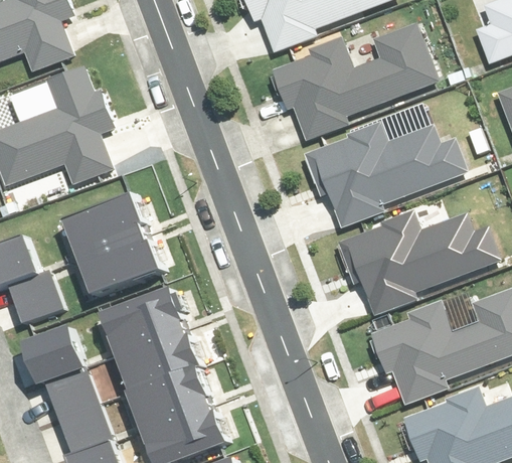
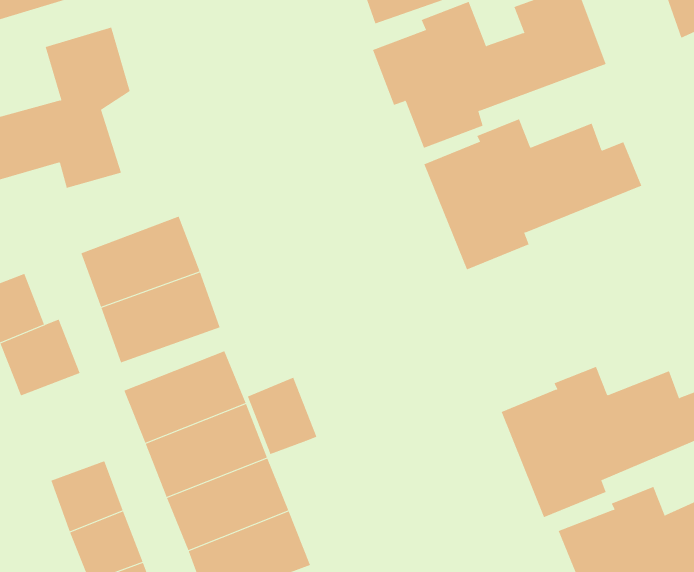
building: [337,207,490,311] -> none
building: none -> [247,377,317,455]
building: [26,325,84,379] -> none

